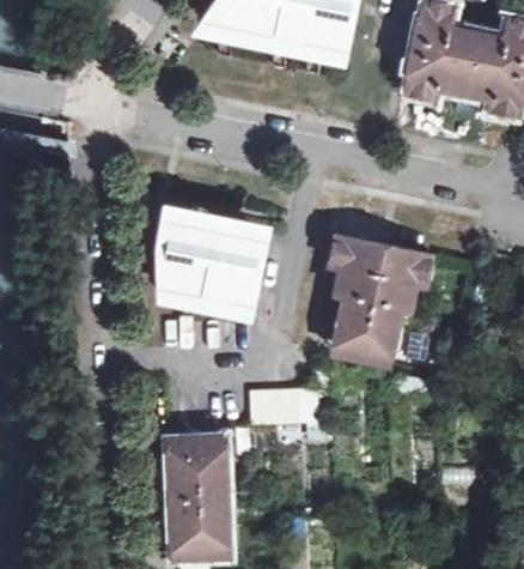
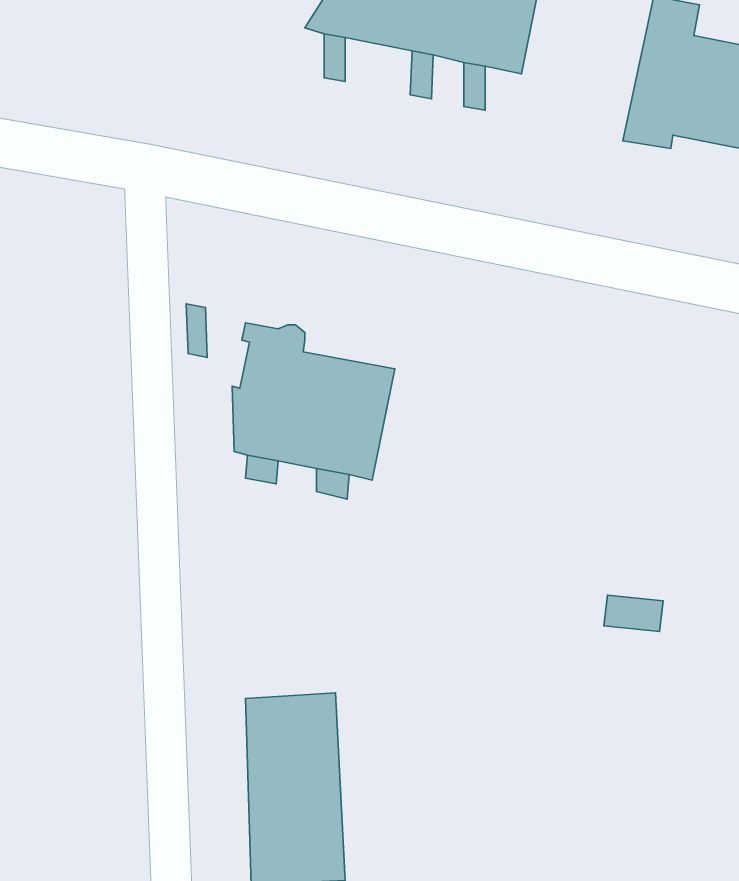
building: [330,236,429,362] -> none
building: [251,389,300,423] -> none

